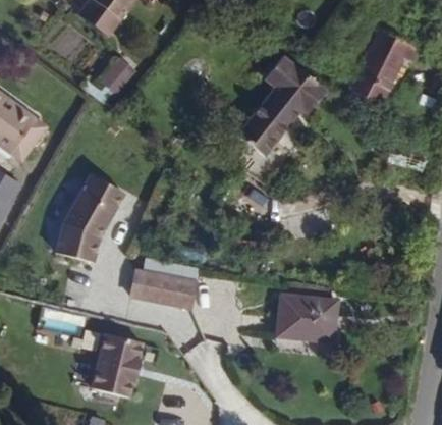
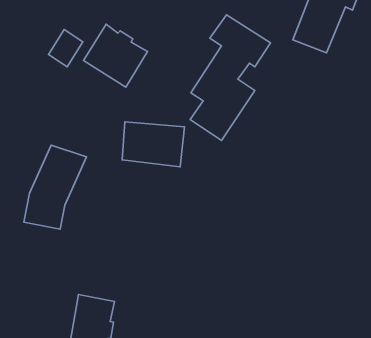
building: none -> [83,24,148,87]
building: [131,257,199,308] -> [122,122,185,167]
building: [277,295,336,340] -> none

